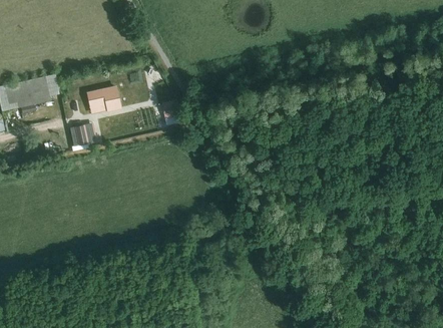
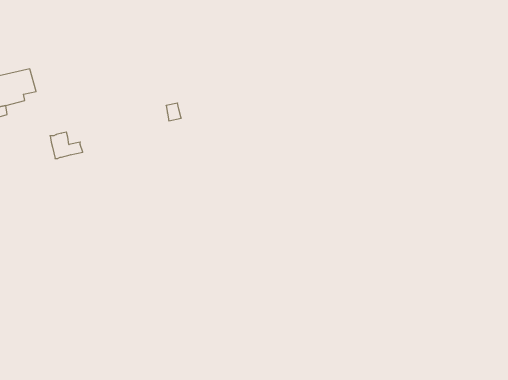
building: [88,86,120,107] -> none

